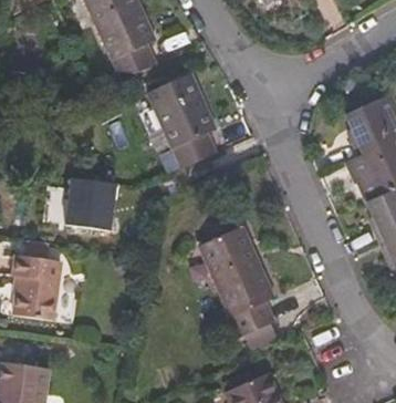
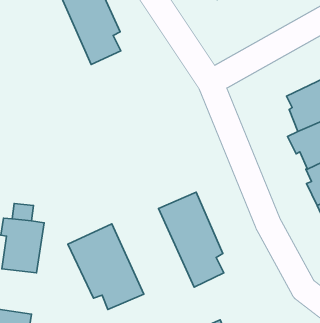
building: [148,74,217,168] -> none
building: [65,167,114,227] -> none
building: none -> [68,224,144,309]

